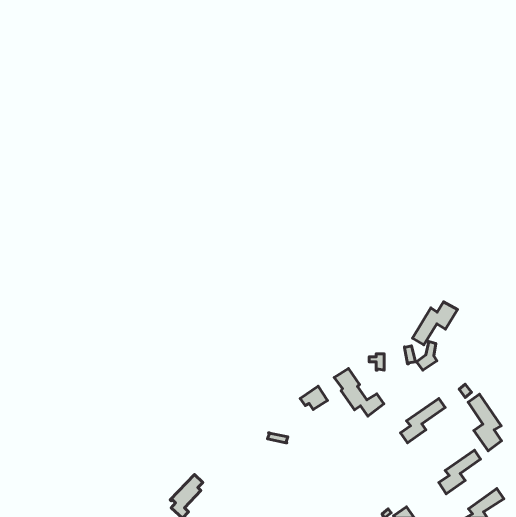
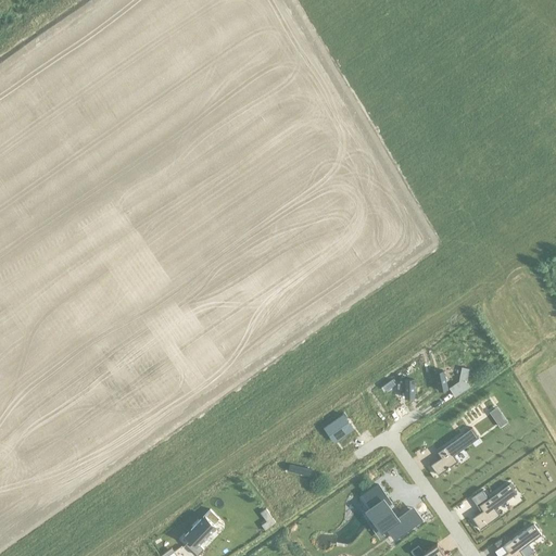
building: [413,302,457,345] -> none
building: [334,368,384,416] -> [361,485,414,536]
building: [468,394,502,451] -> none

